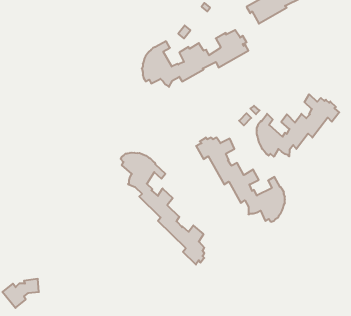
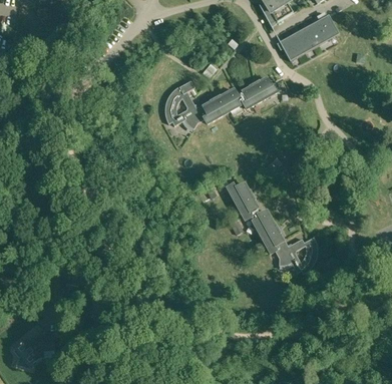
building: [257,94,339,157] -> none
building: [121,153,204,265] -> none

